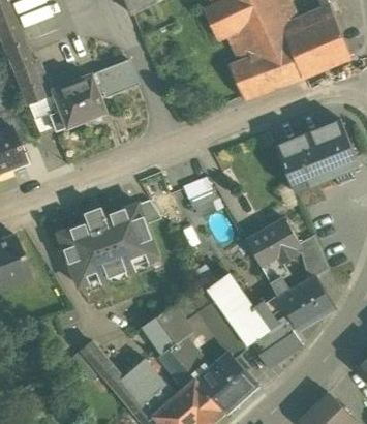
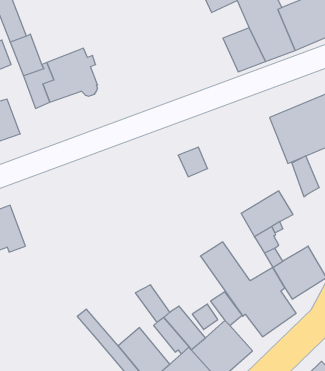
building: [93,60,136,96] -> none
building: [59,204,158,286] -> none
building: [300,237,328,278] -> [292,156,319,197]
building: [189,286,231,332] -> none
building: [155,305,193,343] -> none

